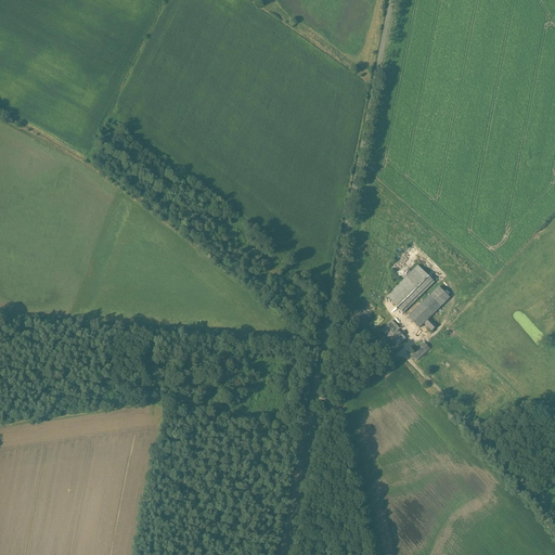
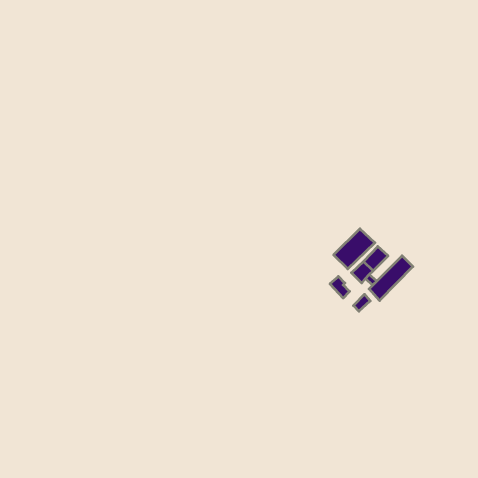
building: none -> [369,256,413,301]

